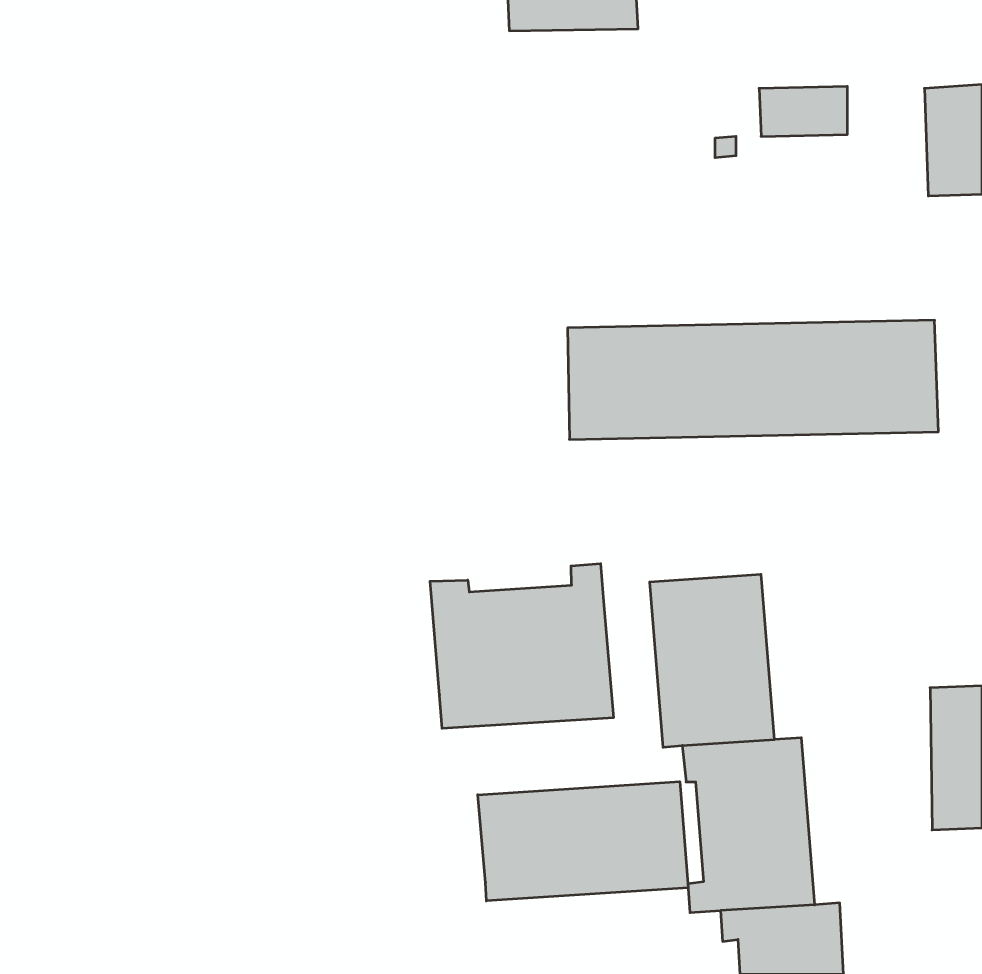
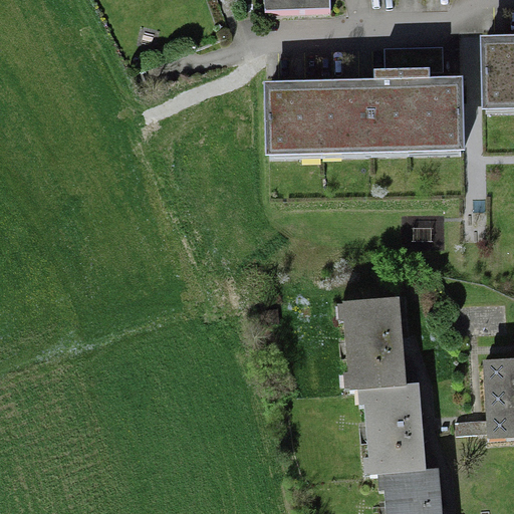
building: [568,320,938,439] -> [268,85,462,148]
building: [430,564,613,728] -> none
building: [478,782,688,901] -> none

